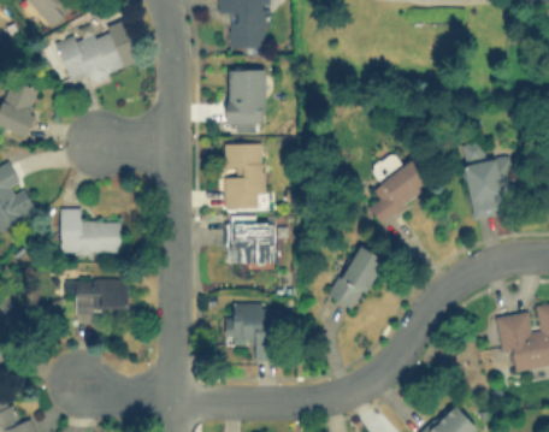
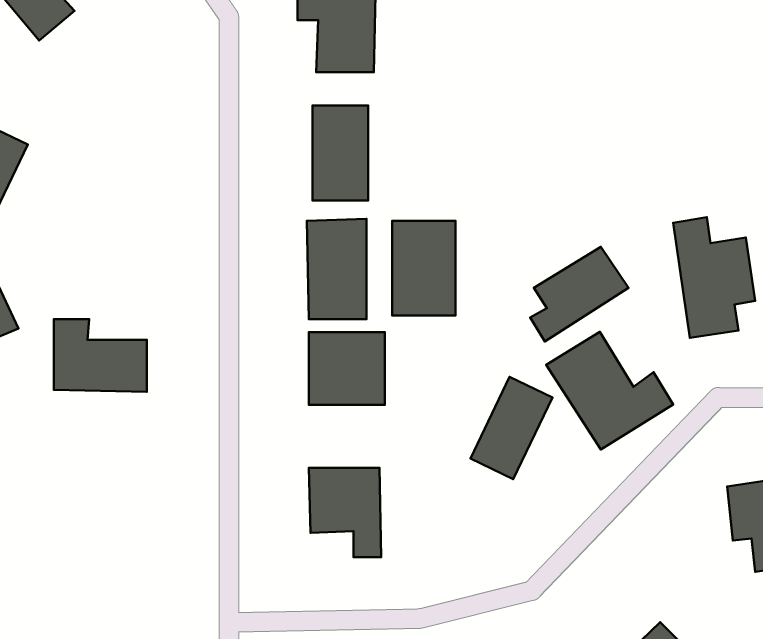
building: [57,26,130,81] -> none
building: none -> [392,221,455,316]
building: none -> [546,332,673,449]
building: [66,279,129,312] -> none

